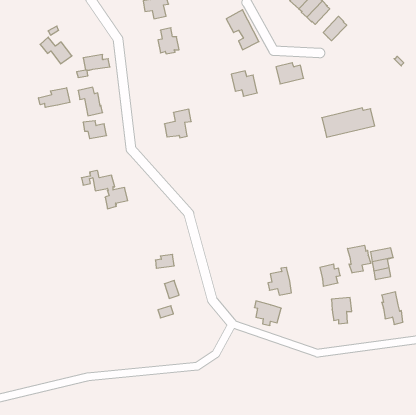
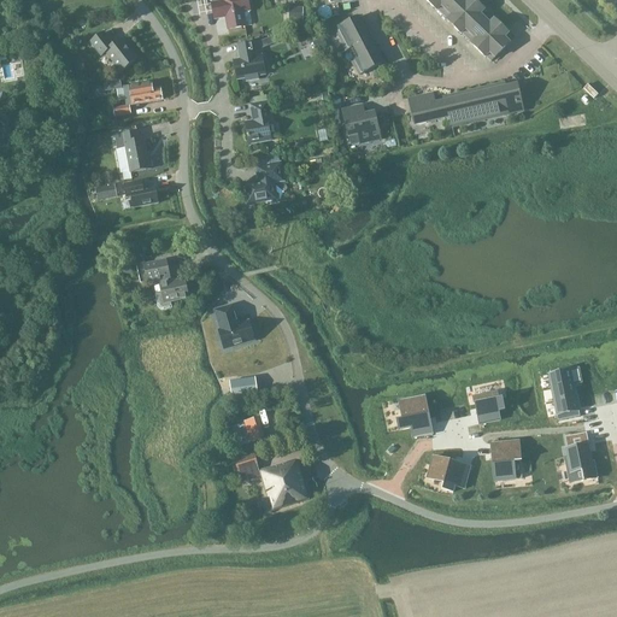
building: none -> [466,13,501,48]
building: [40,37,72,64] -> [90,30,137,70]
building: none -> [245,100,272,142]
building: [39,88,70,107] -> none
building: [322,108,375,137] -> [445,82,523,125]
building: none -> [215,302,254,347]
building: [348,245,371,273] -> none
building: [254,301,281,325] -> [430,454,470,490]
building: none -> [258,459,307,509]

